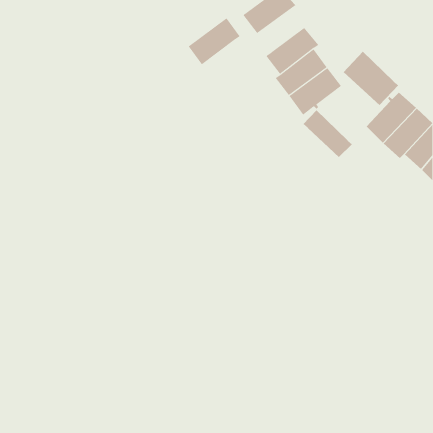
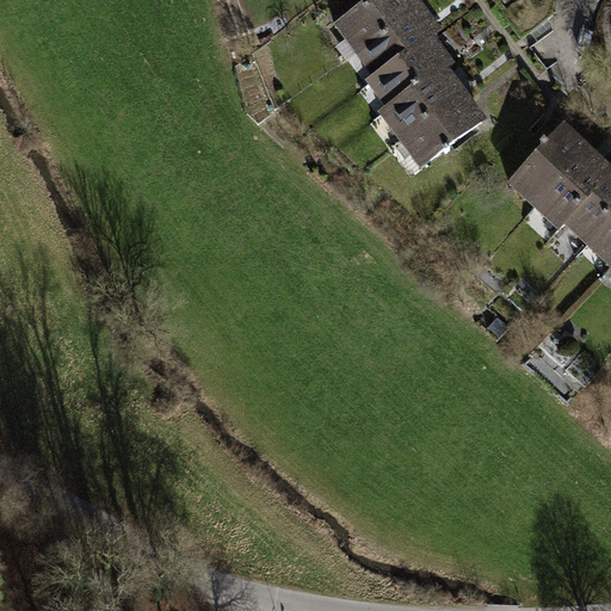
building: [188,18,241,65] -> [360,7,434,74]
building: [343,51,399,106] -> none
building: [302,110,353,158] -> none

